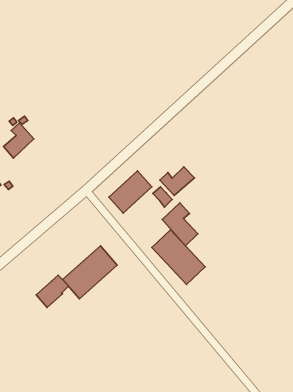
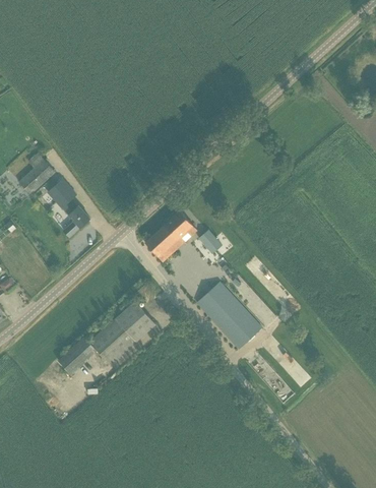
building: none -> [48,180,89,237]
building: [160,167,195,195] -> none
building: [162,203,198,246] -> none

